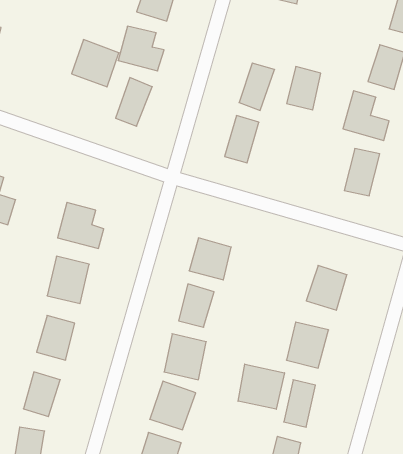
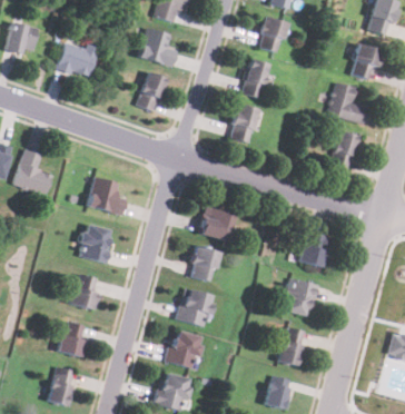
building: [72,40,119,87] -> [58,39,98,79]
building: [287,67,321,110] -> [257,17,286,53]
building: [238,364,284,409] -> none

